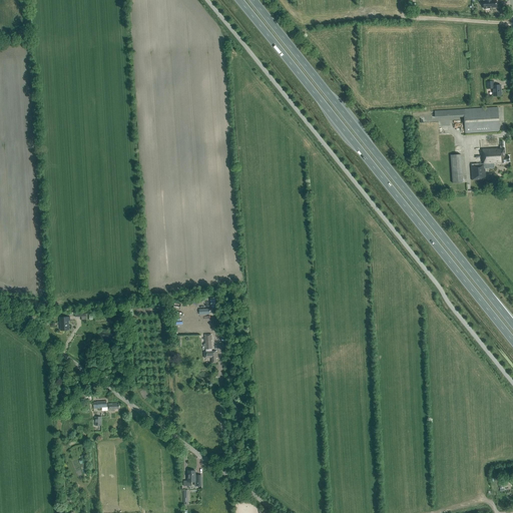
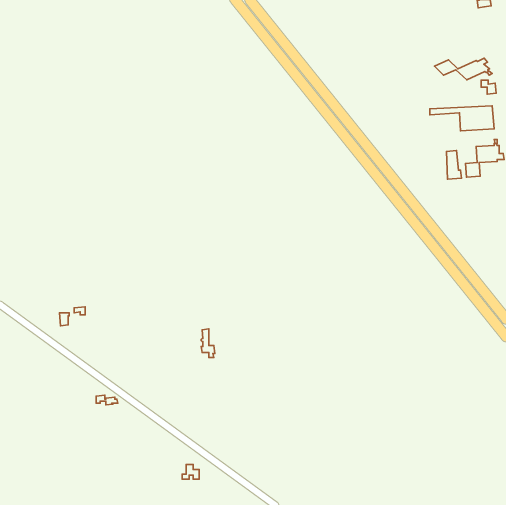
building: none -> [434,58,492,80]

